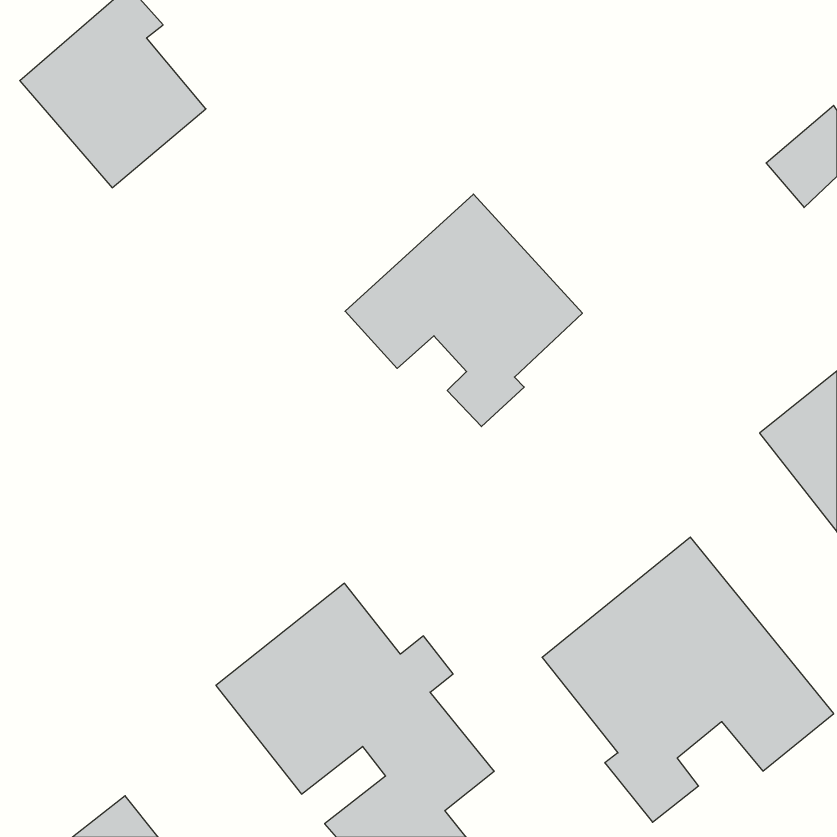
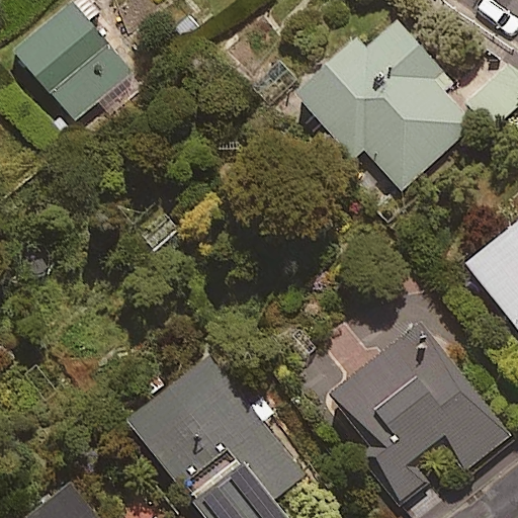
building: none -> [295,17,466,183]
building: [345,194,582,427] -> none

